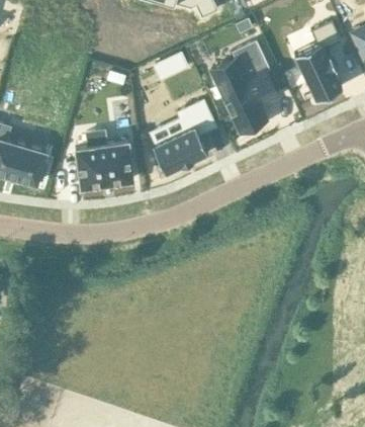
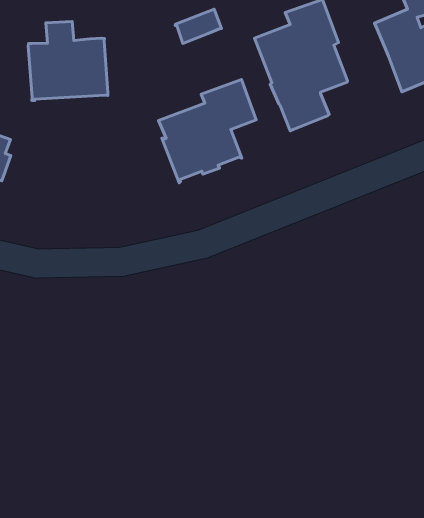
building: [76,132,133,188] -> [28,22,108,101]

